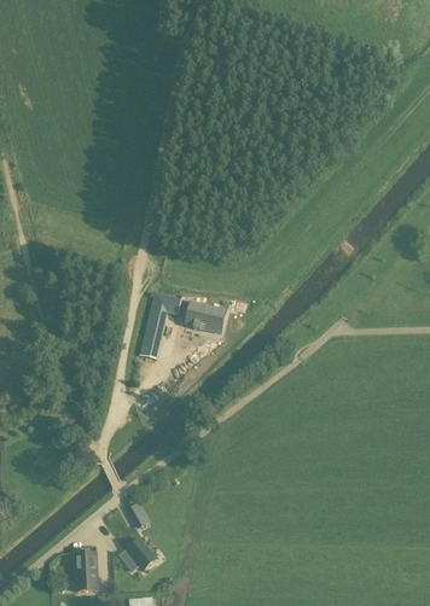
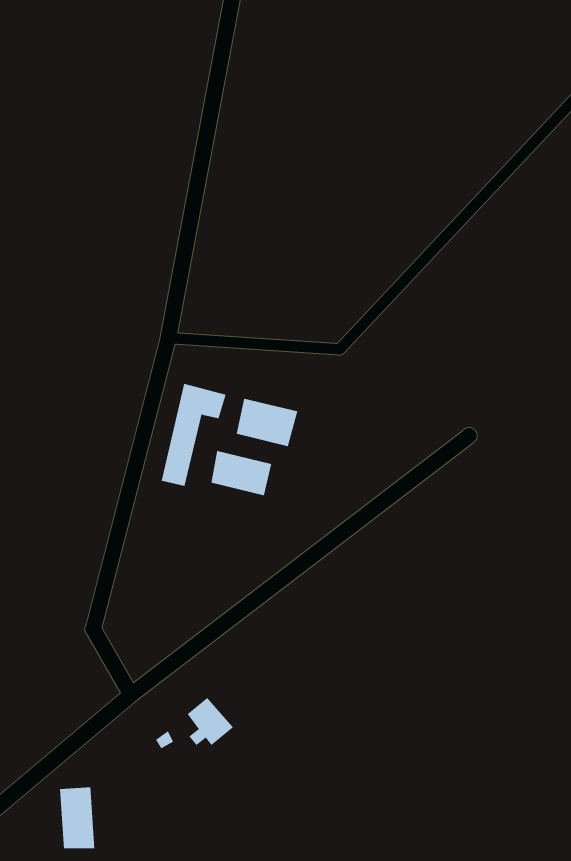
building: none -> [211,450,272,496]
building: [126,538,156,570] -> [187,697,234,746]

